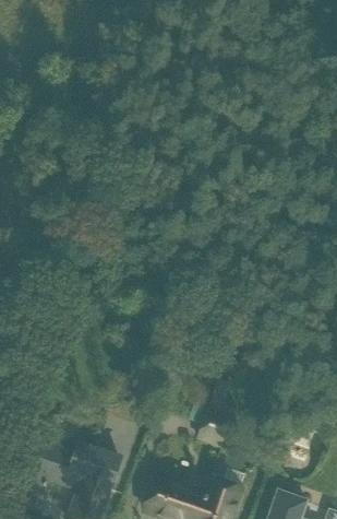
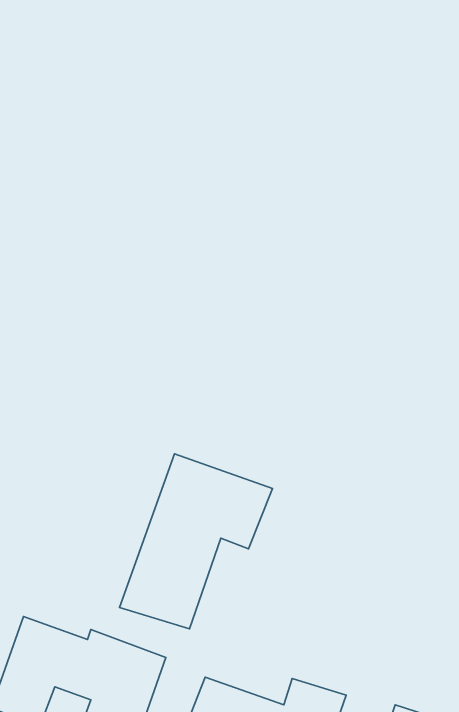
building: none -> [120,454,272,629]

